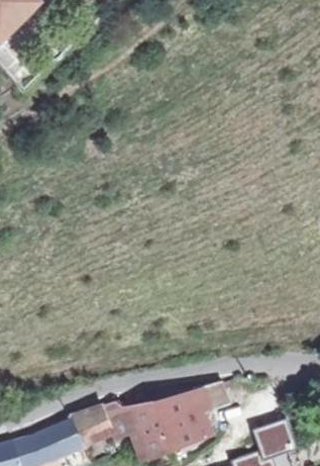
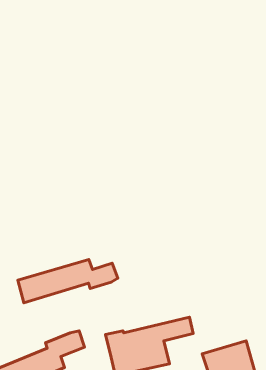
building: none -> [18,259,118,303]
building: [104,398,139,440] -> none

